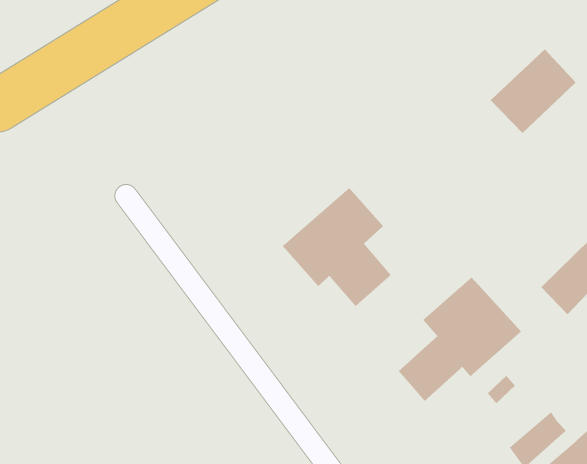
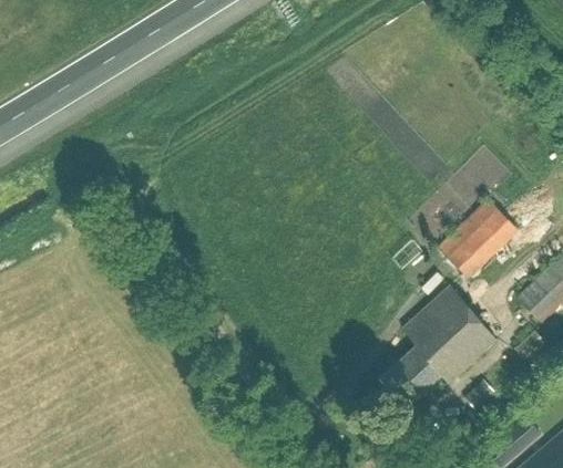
building: [490,49,576,134] -> [437,198,519,279]
building: [282,187,392,307] -> none

